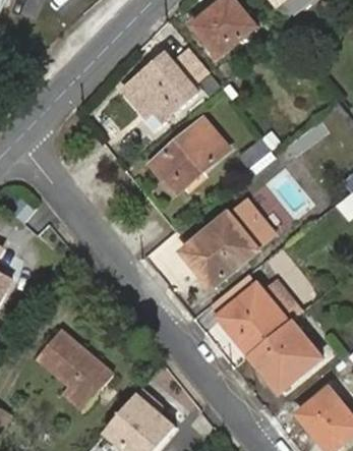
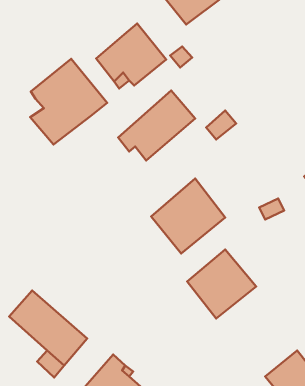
building: none -> [30,59,107,145]
building: [225,198,272,249] -> none
building: [246,317,321,390] -> none

